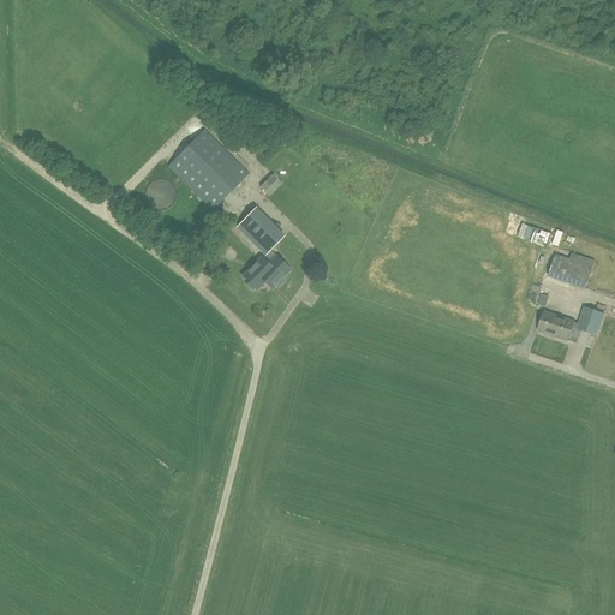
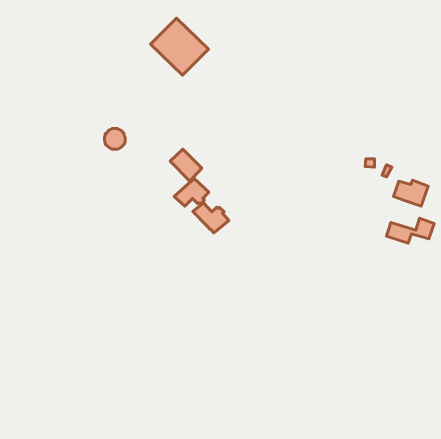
building: [168,129,249,208] -> [151,18,208,75]
building: none -> [193,203,229,233]

